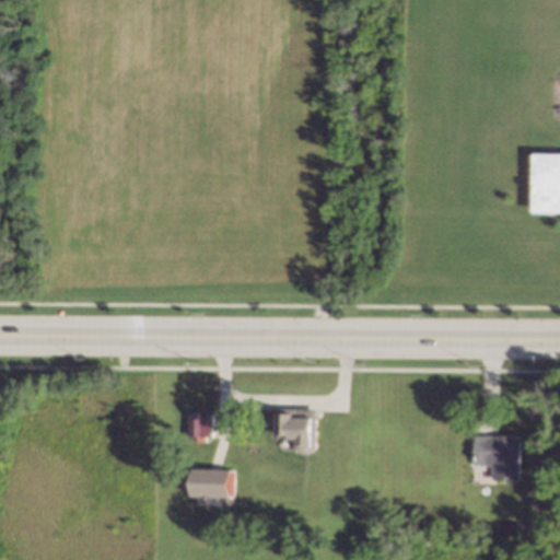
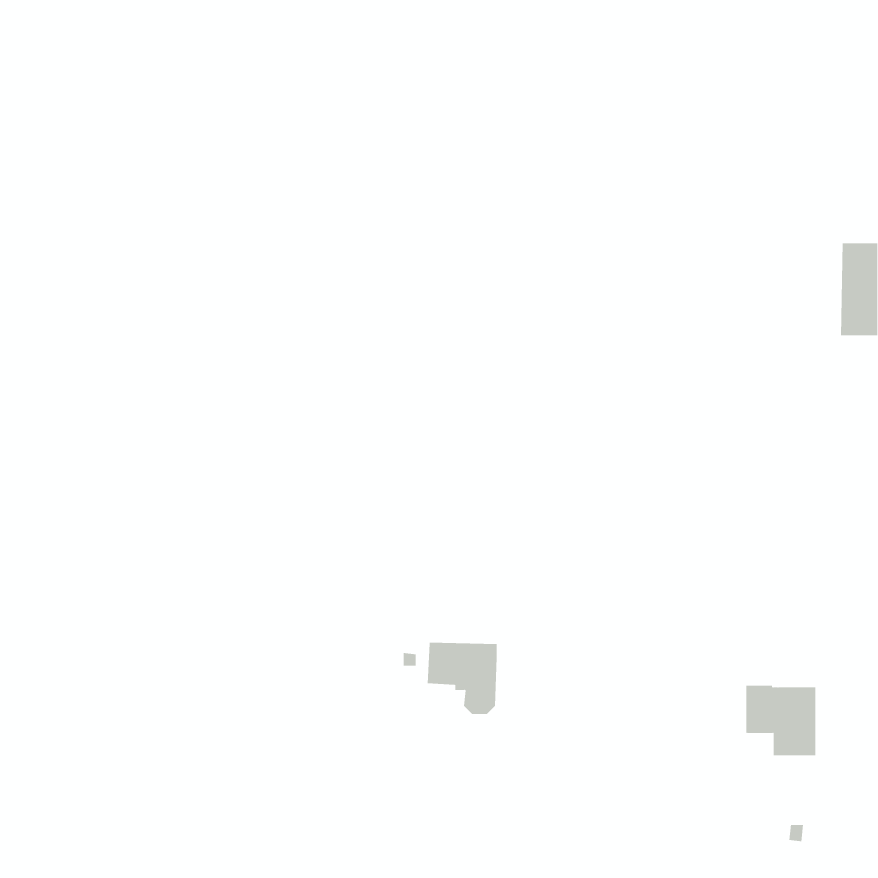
building: [188,413,210,439] -> none
building: [194,470,233,498] -> none

